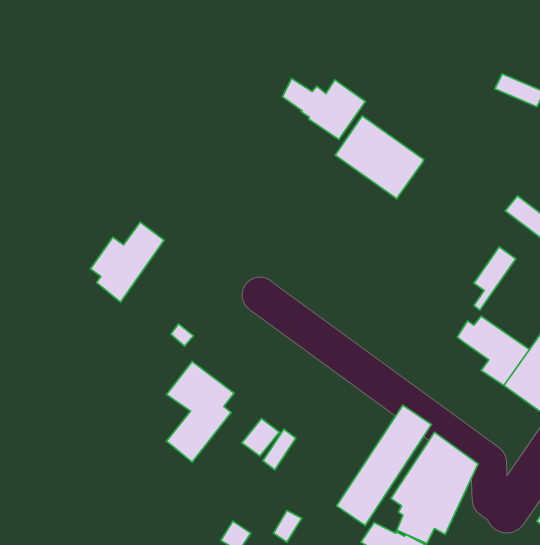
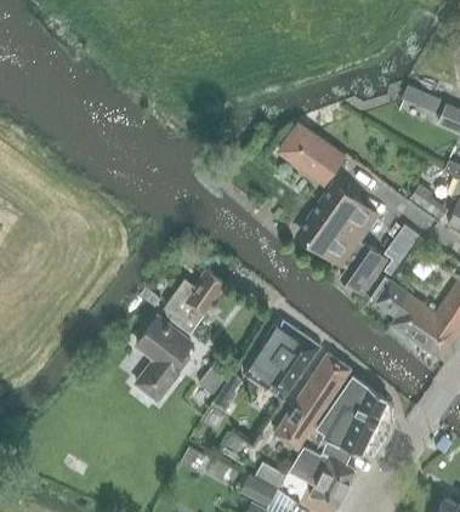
building: [282,78,366,140] -> none
building: none -> [300,187,385,294]
building: [90,222,164,302] -> [165,269,225,334]
building: none -> [243,322,319,399]

